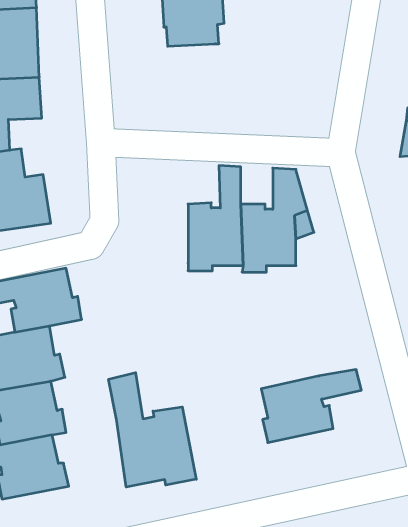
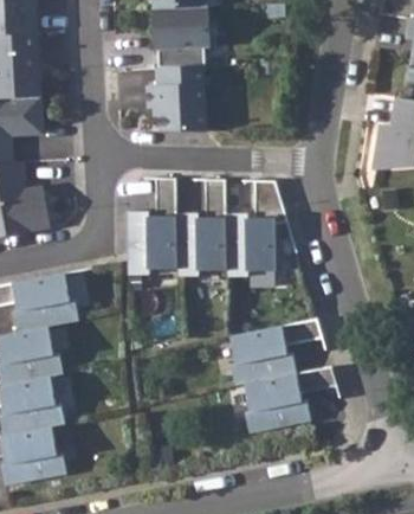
building: none -> [145,65,203,131]
building: none -> [127,178,176,274]
building: none -> [229,319,322,385]
building: [109,373,196,487] -> none

